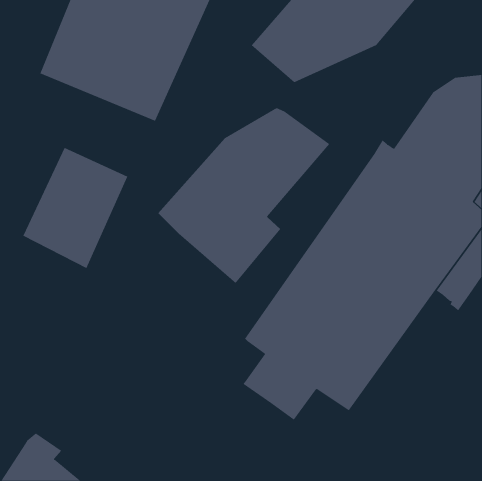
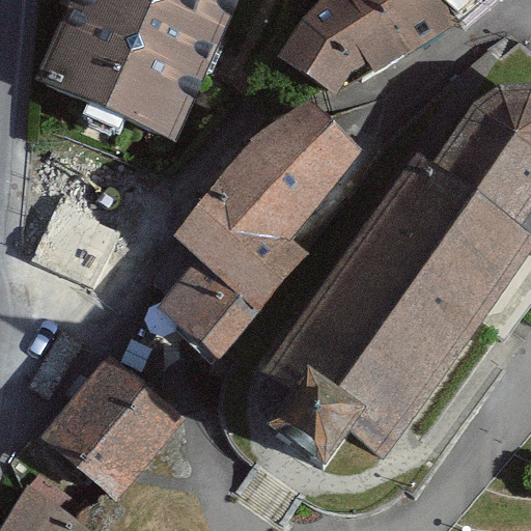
building: none -> [161,257,259,359]
building: none -> [41,358,184,500]

